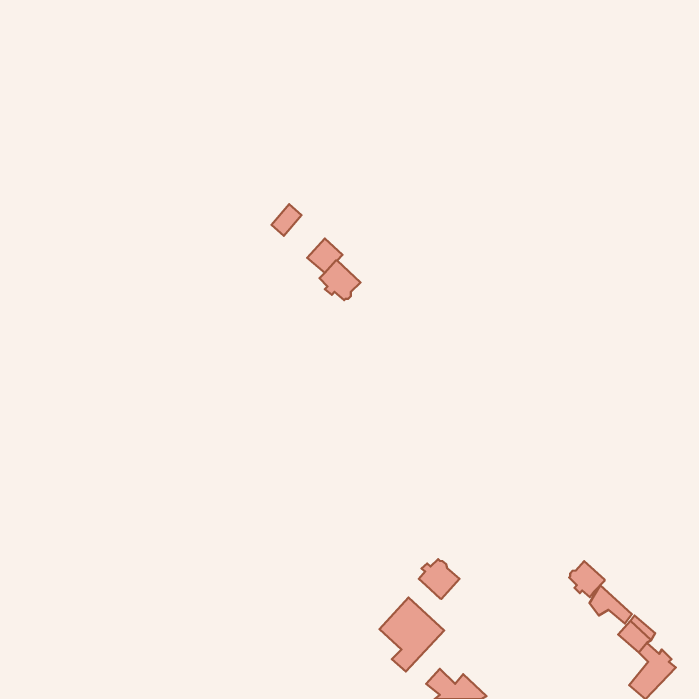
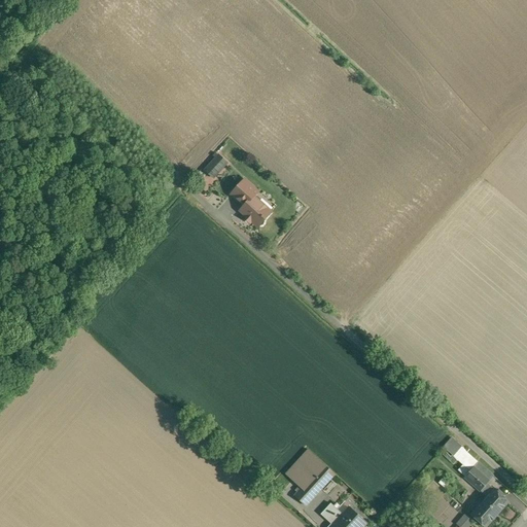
building: [419,559,459,599] -> none
building: [569,561,605,597] -> none

